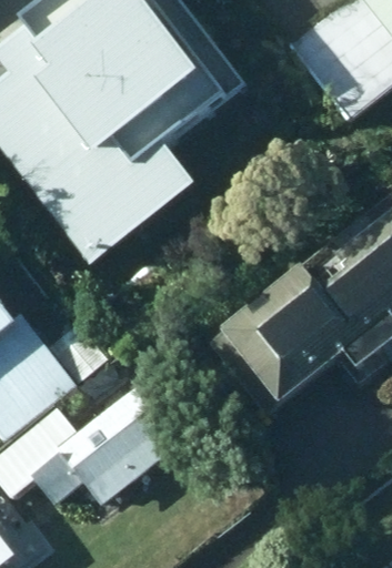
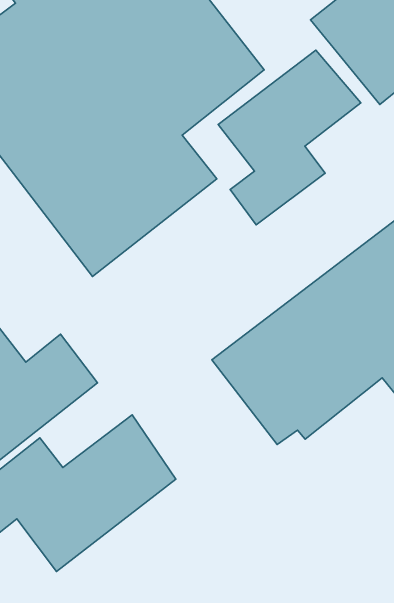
building: none -> [218,50,361,225]

